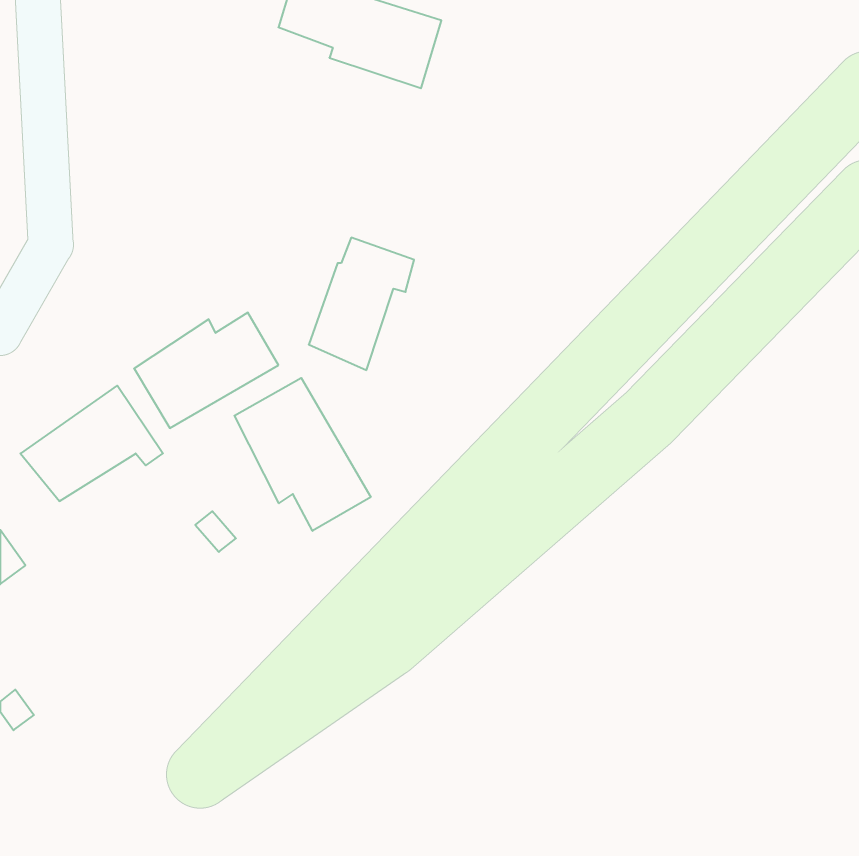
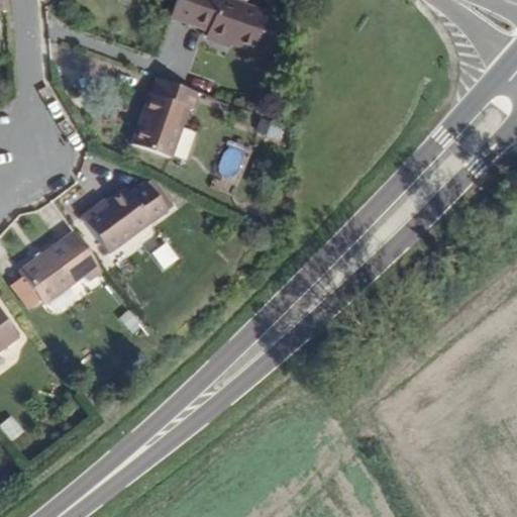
building: [309,238,414,370] -> [132,79,195,158]
building: [234,378,371,531] -> none

